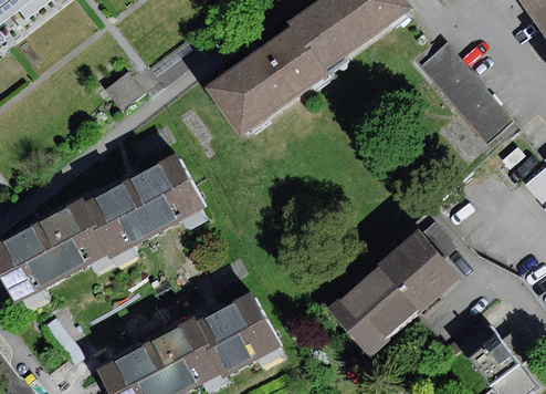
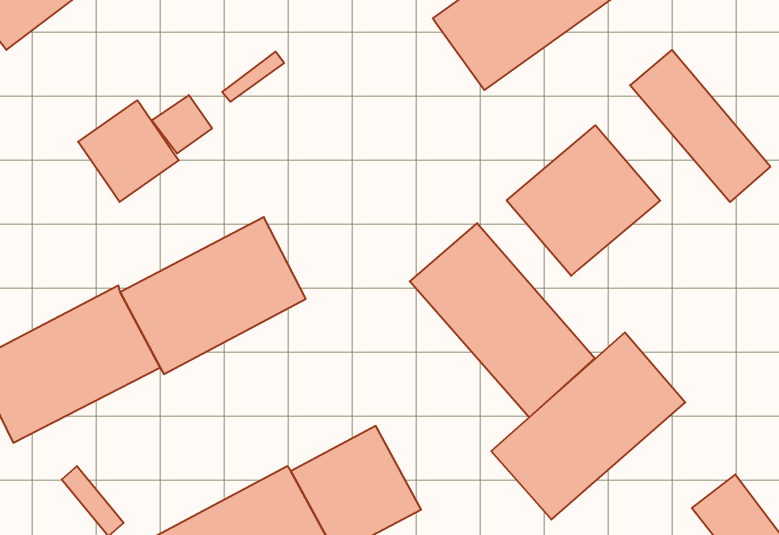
building: [203,24,327,136] -> none
building: none -> [78,100,179,202]
building: none -> [507,125,660,276]
building: none -> [410,223,595,417]

